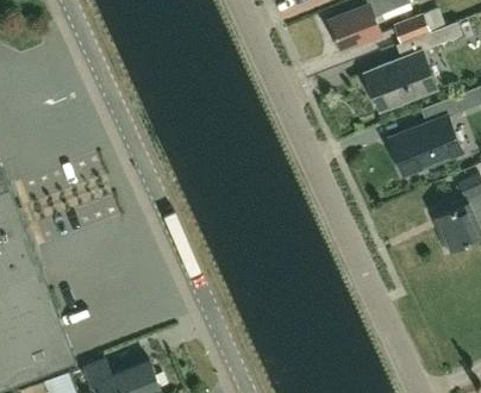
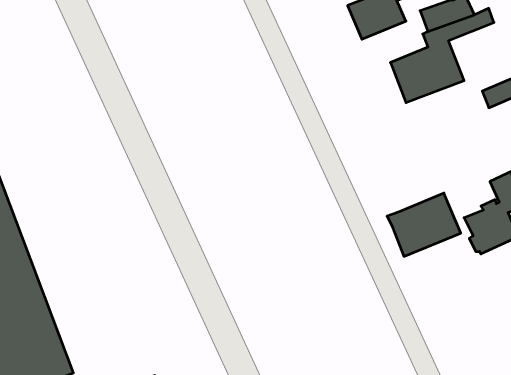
building: [391,117,458,175] -> [387,193,461,256]

